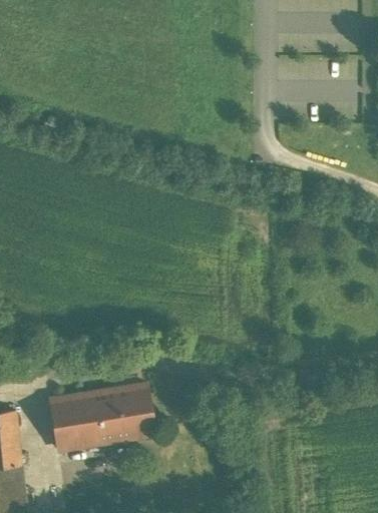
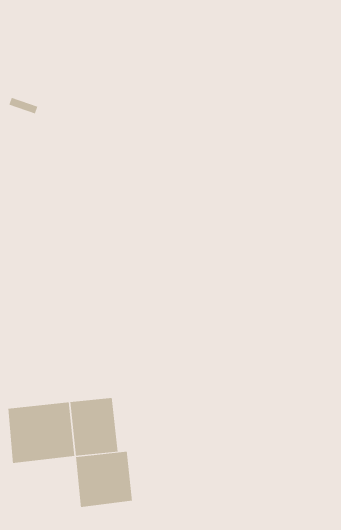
building: none -> [76,451,133,508]

